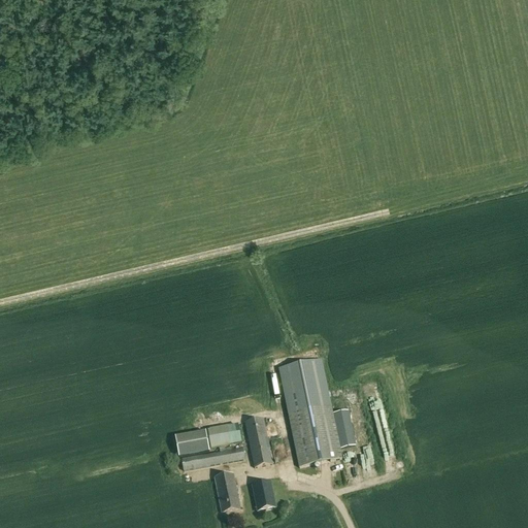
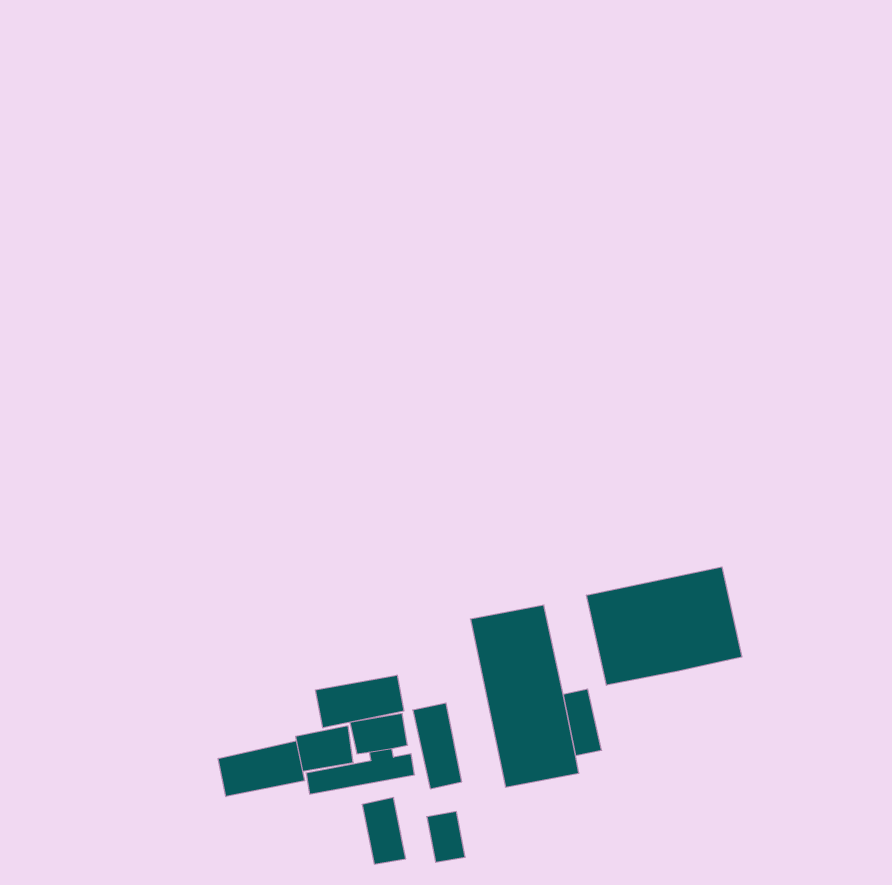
building: none -> [587,567,742,685]
building: none -> [316,675,404,728]
building: none -> [218,741,305,797]

